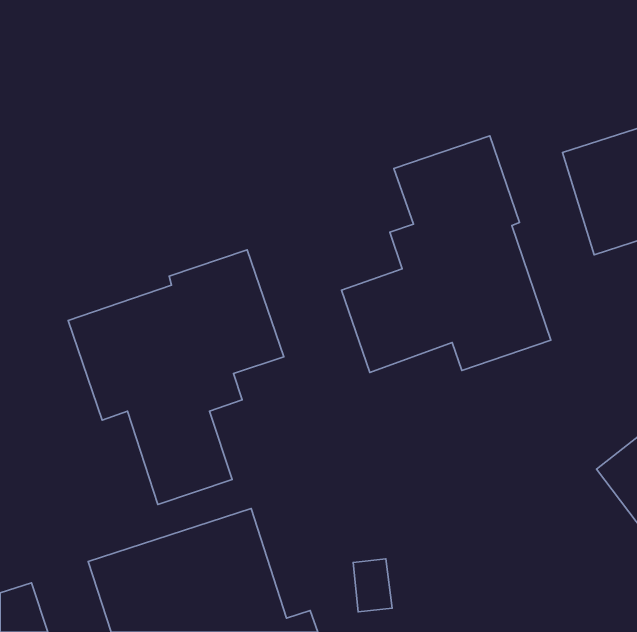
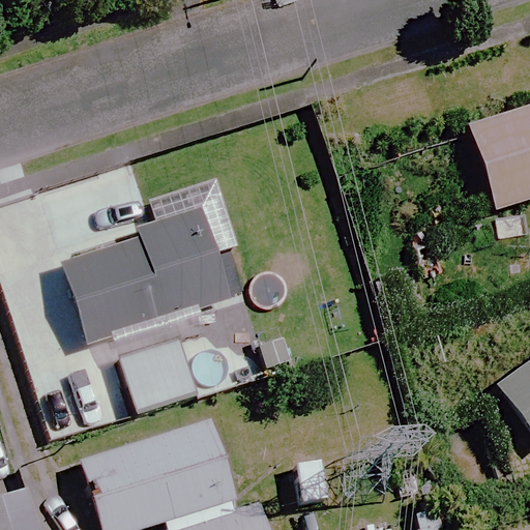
building: [341,136,551,372] -> none

